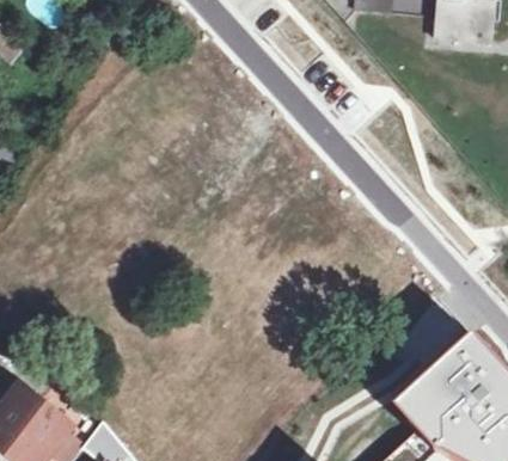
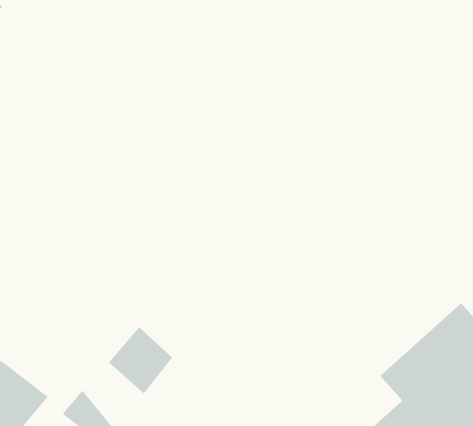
building: none -> [108,326,173,394]

